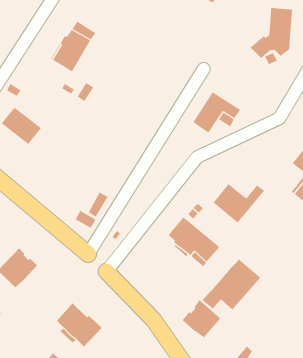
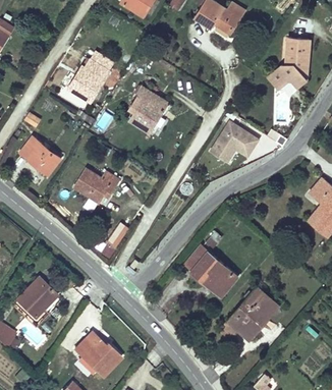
building: none -> [129,87,168,133]
building: none -> [73,168,119,203]
building: [213,183,265,224] -> none
building: [182,299,221,338] -> none

